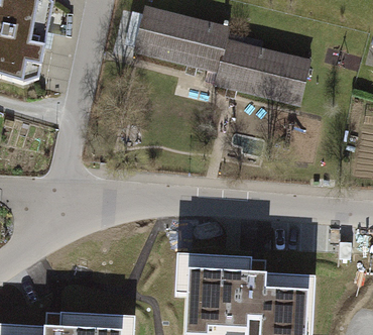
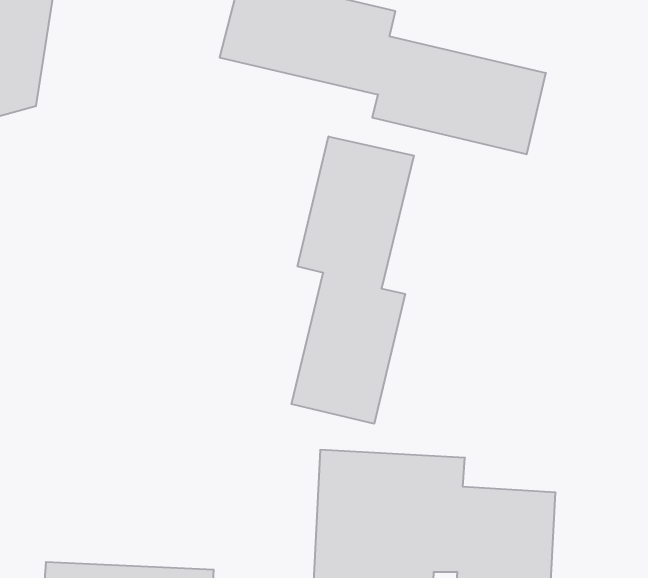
building: none -> [291,136,414,424]

